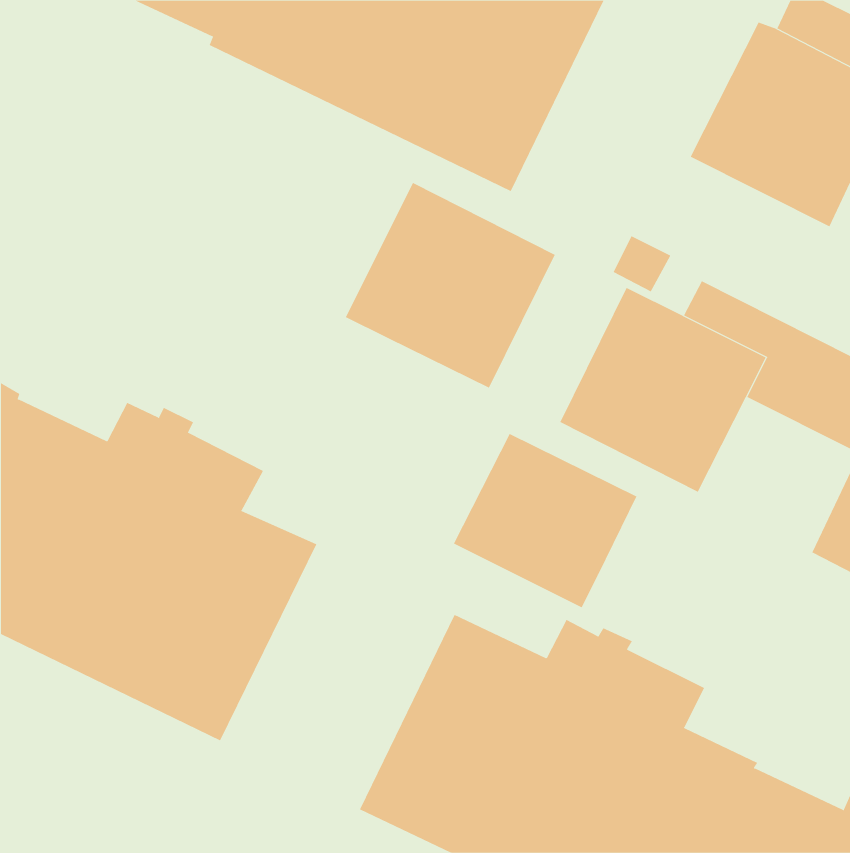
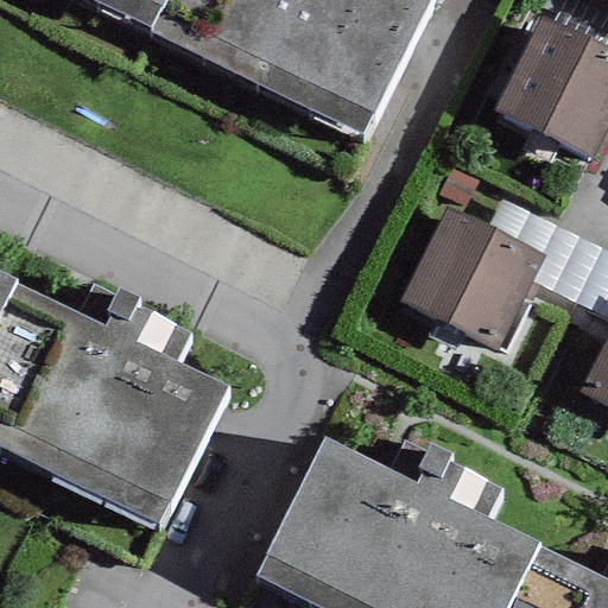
building: [345,182,555,389] -> none
building: [453,433,637,608] -> none

